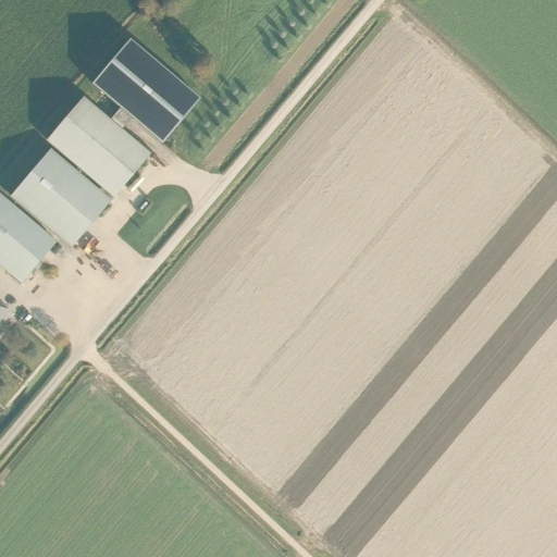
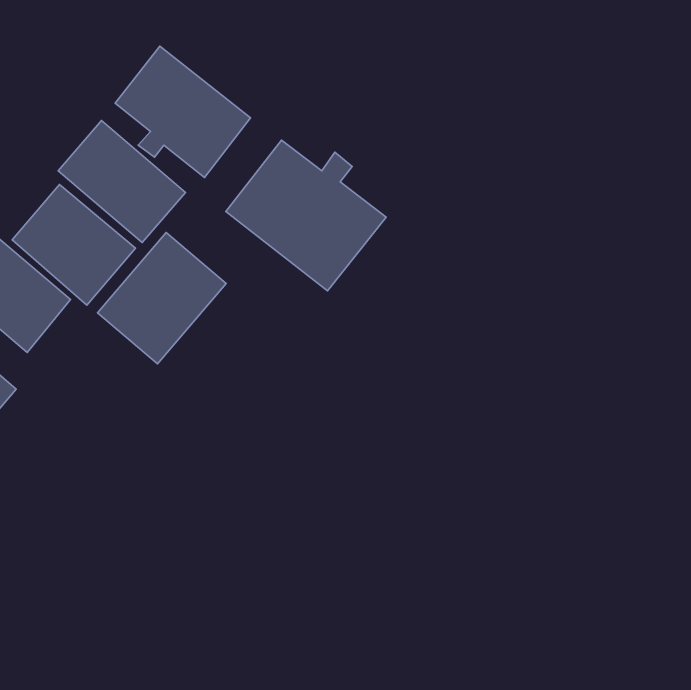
building: none -> [226,140,386,291]
building: none -> [97,233,226,364]

